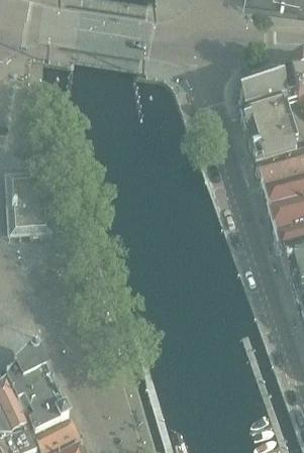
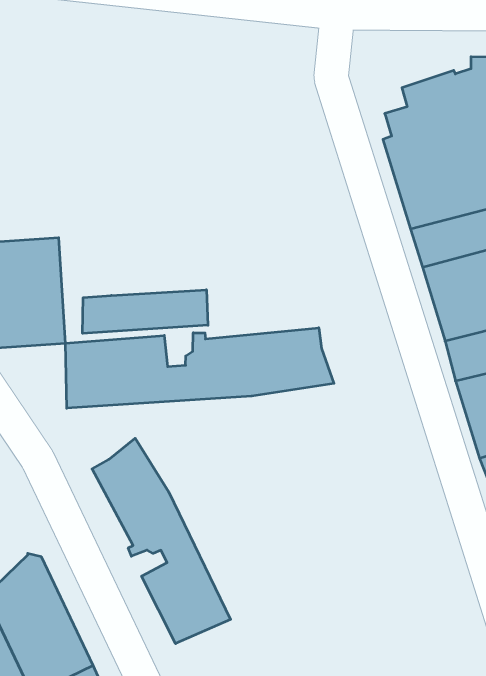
building: none -> [83,290,208,333]
building: none -> [66,328,334,408]
building: none -> [92,438,231,644]

